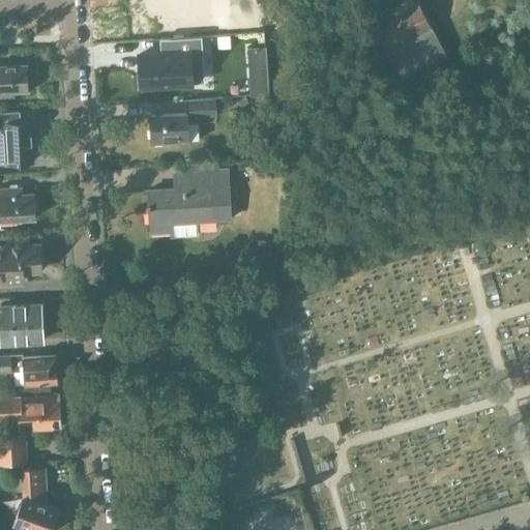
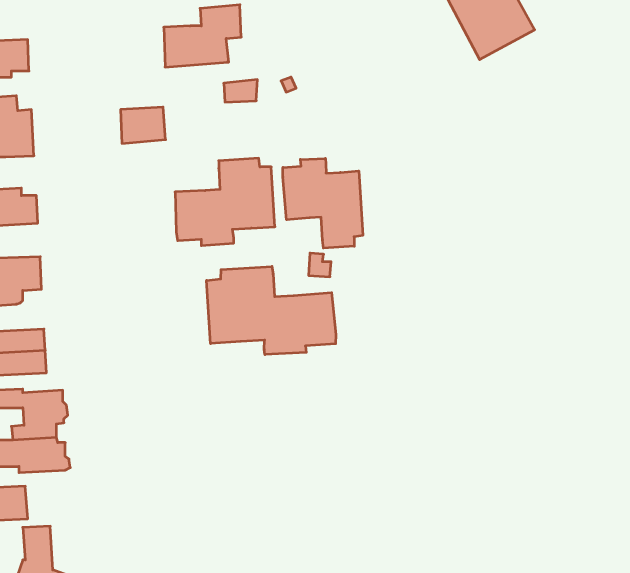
building: [247,50,267,96] -> none
building: [150,116,187,146] -> [121,107,166,143]
building: none -> [283,158,363,248]
building: none -> [207,266,336,355]

